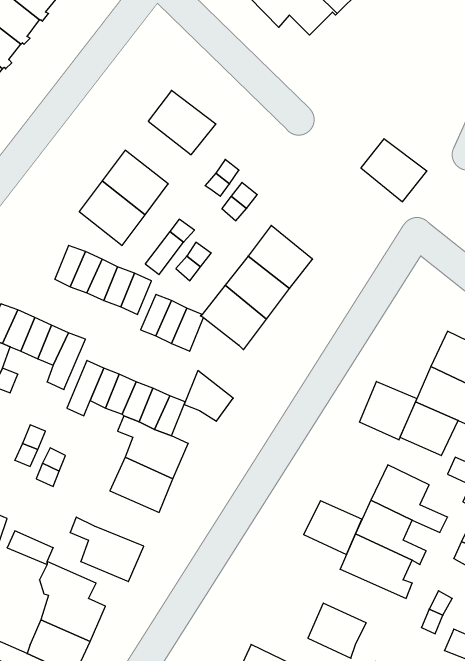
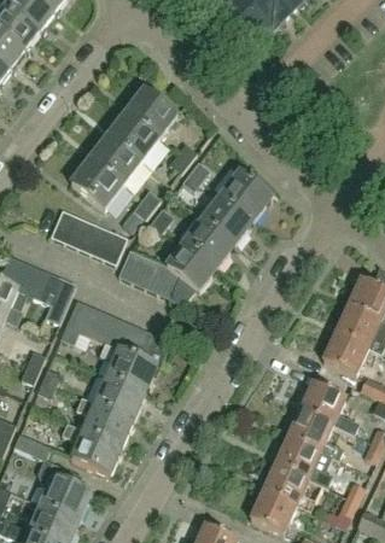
building: none -> [106,112,158,162]
building: [361,139,427,202] -> [221,171,273,221]
building: [184,371,233,421] -> [157,267,196,306]
building: [360,381,417,440] -> none
building: none -> [75,398,133,446]
building: [304,501,362,554] -> [262,465,308,507]

